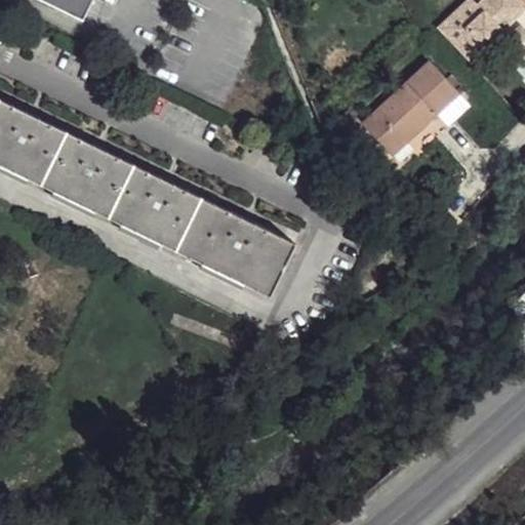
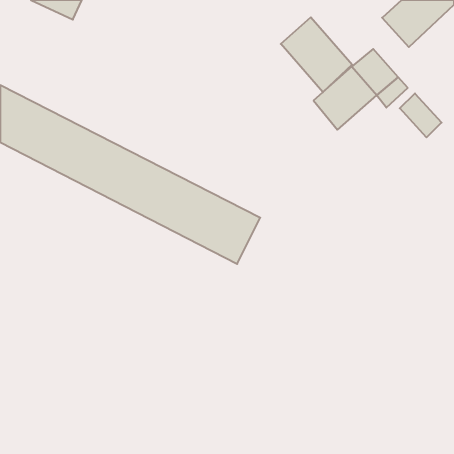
building: none -> [281,17,352,92]
building: none -> [400,93,442,137]

